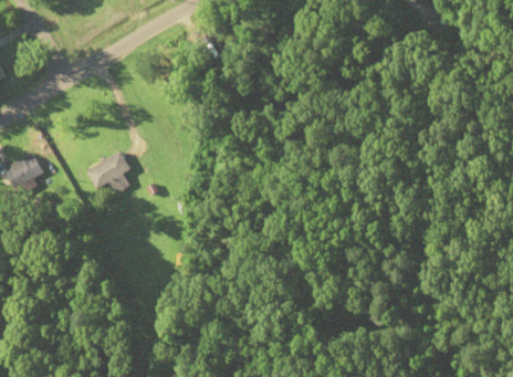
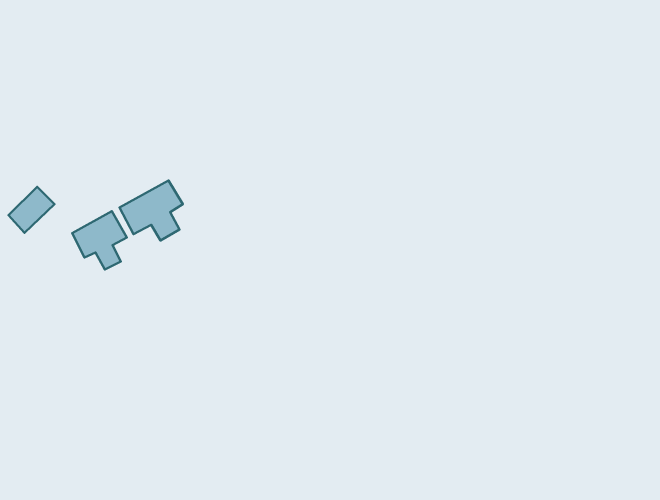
building: none -> [72,211,127,269]

